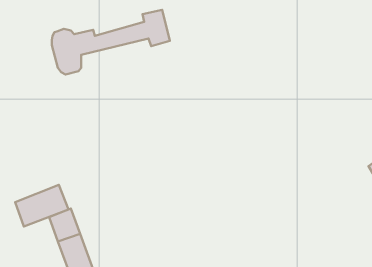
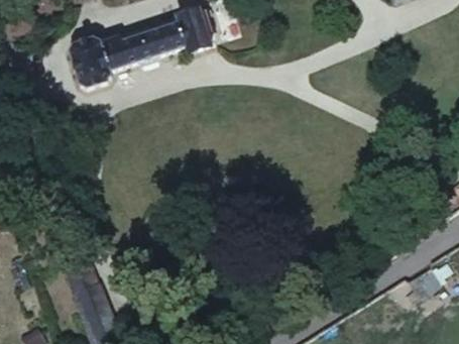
building: [15,185,69,227] -> none

